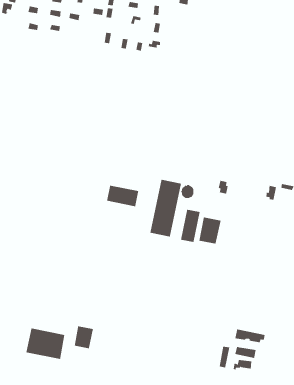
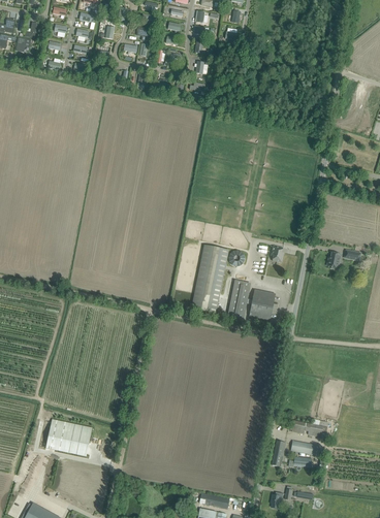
building: [107,185,139,207] -> none
building: [74,325,93,349] -> none

